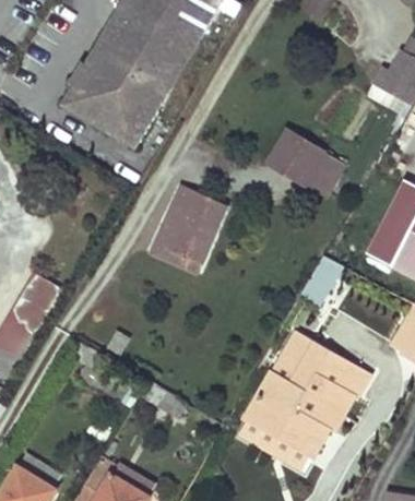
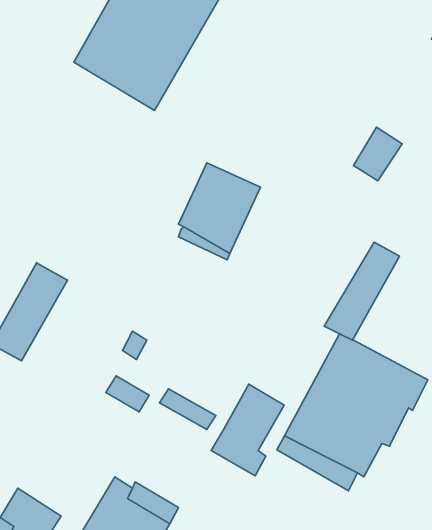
building: [269,133,325,189] -> none
building: none -> [211,384,284,476]

